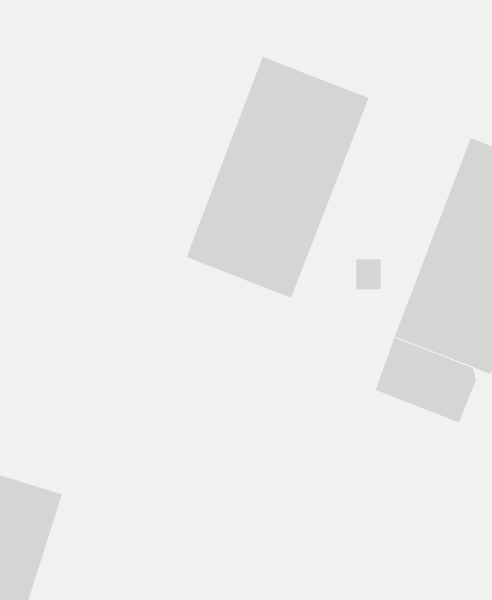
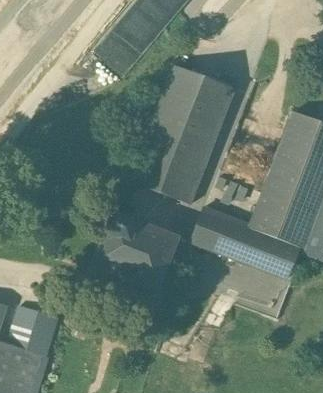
building: none -> [191,208,250,259]
building: none -> [94,212,179,288]

